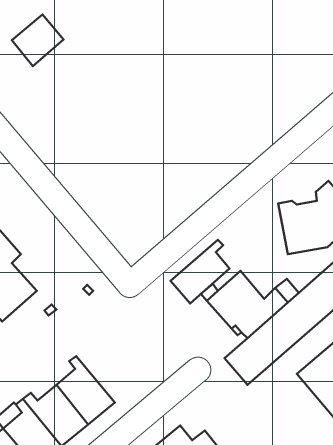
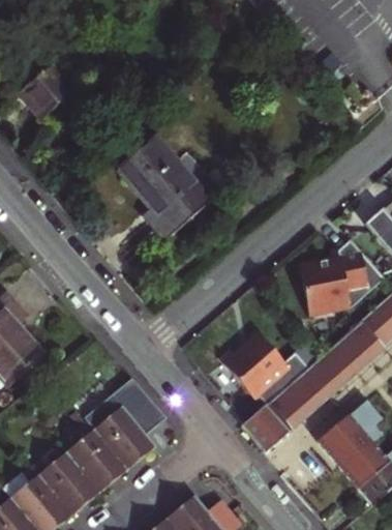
building: none -> [119,137,211,239]
building: [170,240,229,303] -> none
building: none -> [85,380,167,471]

